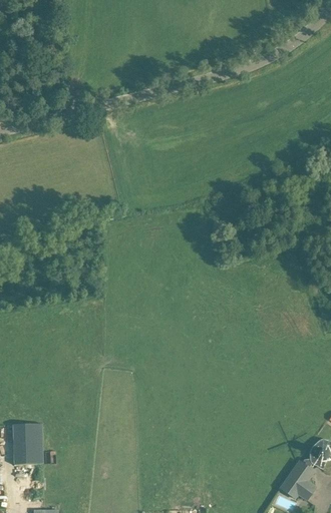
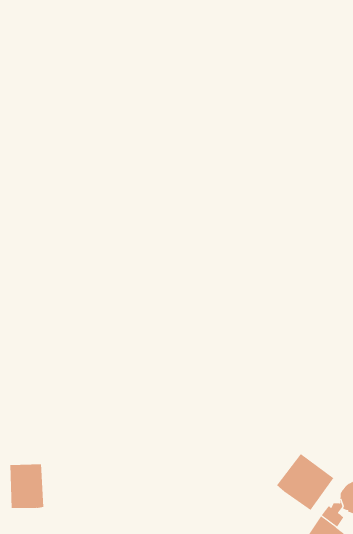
building: none -> [276,453,334,511]

